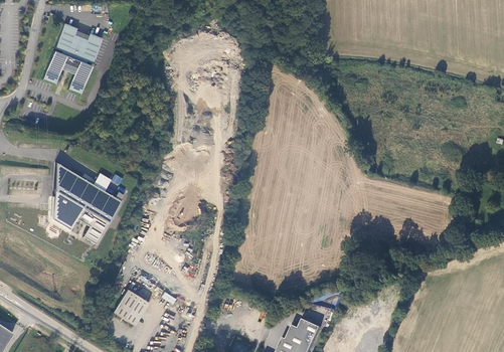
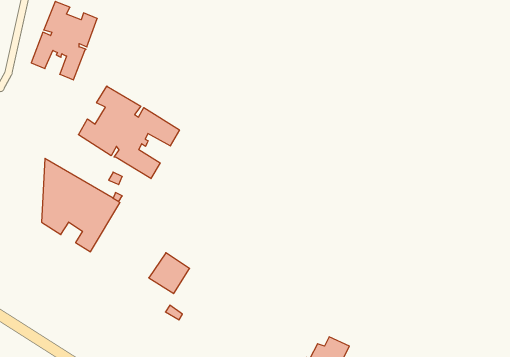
building: none -> [78,86,179,179]
building: [111,289,147,325] -> [149,253,190,294]

